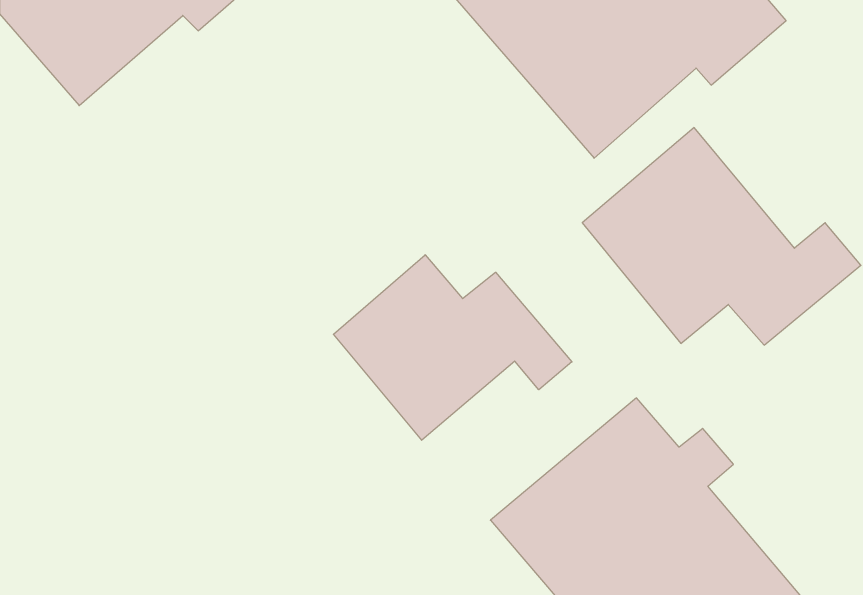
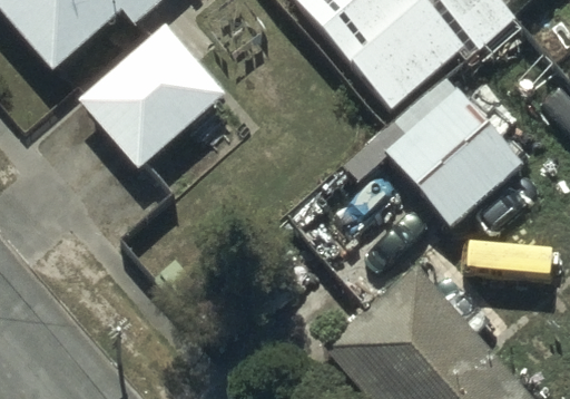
building: none -> [77,22,224,166]
building: [333,255,572,440] -> none

